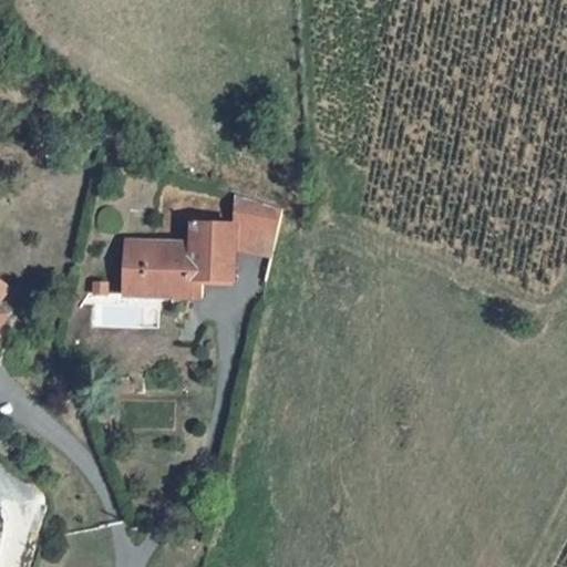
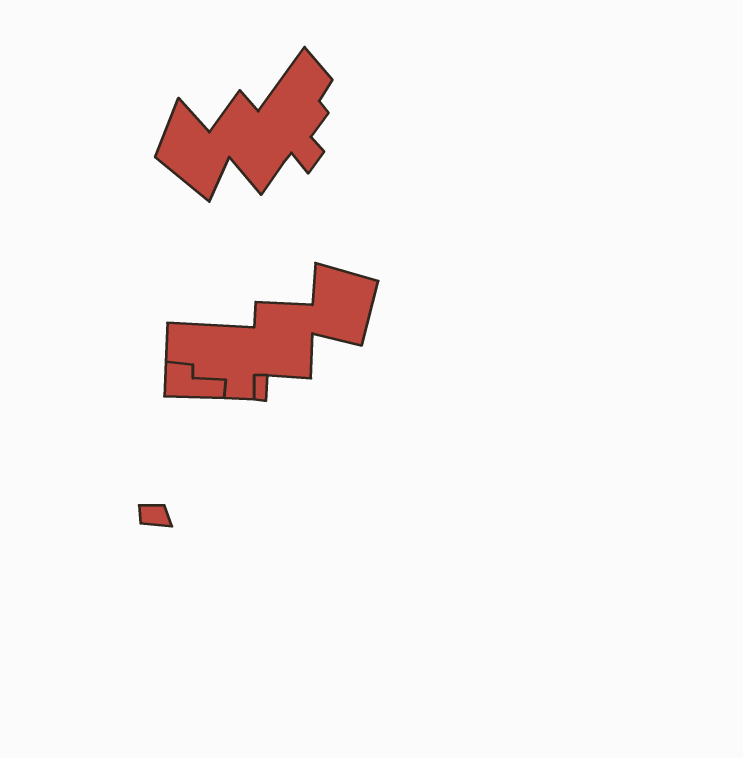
building: none -> [155,47,332,202]

